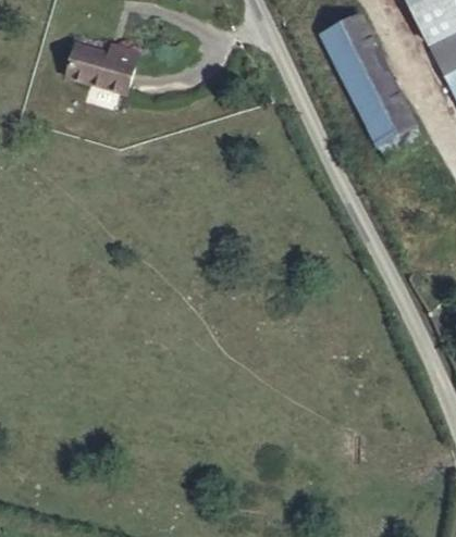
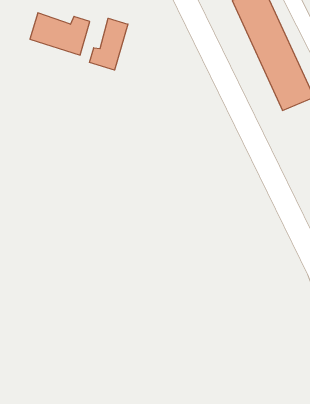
building: none -> [90,18,128,70]

